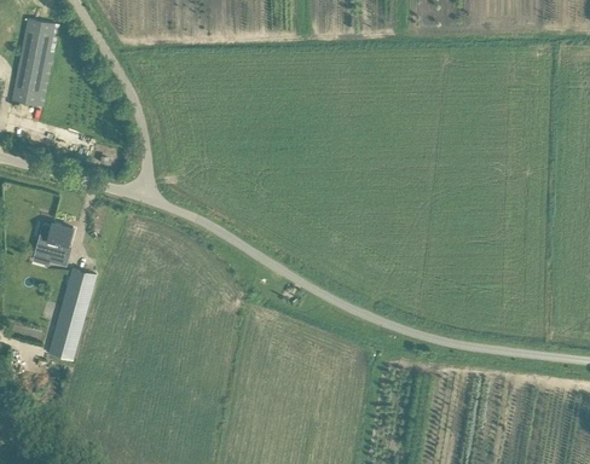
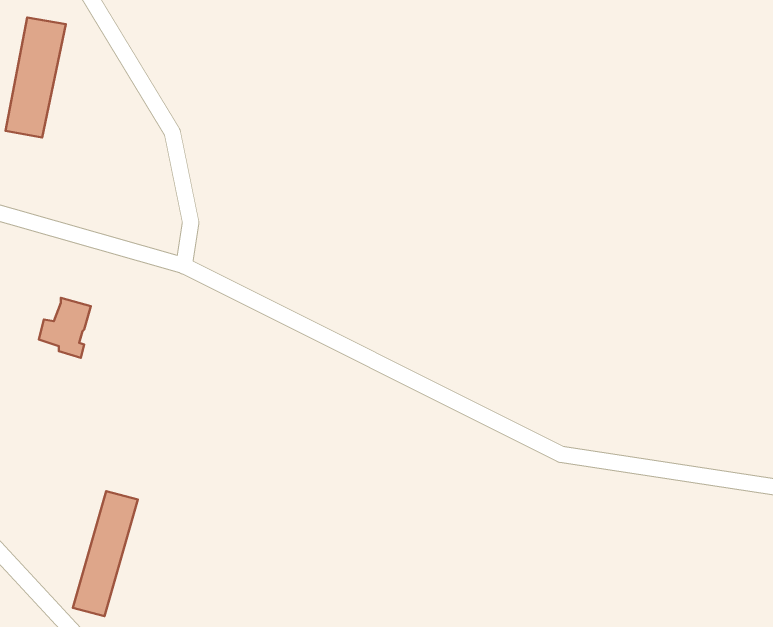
building: [48,269,96,360] -> [73,491,138,616]

